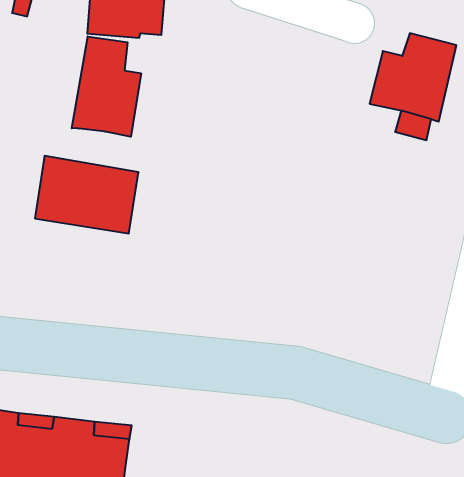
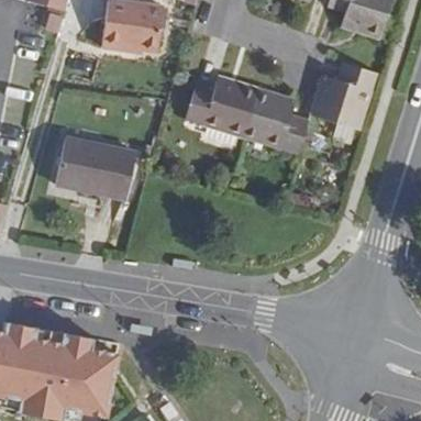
building: [72,36,141,137] -> none
building: none -> [186,76,309,153]

